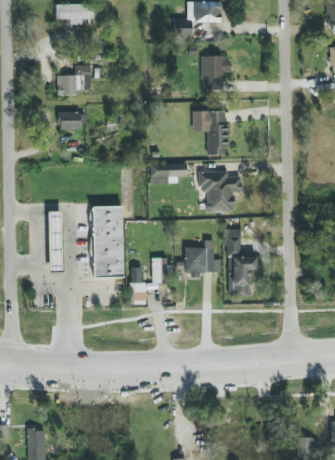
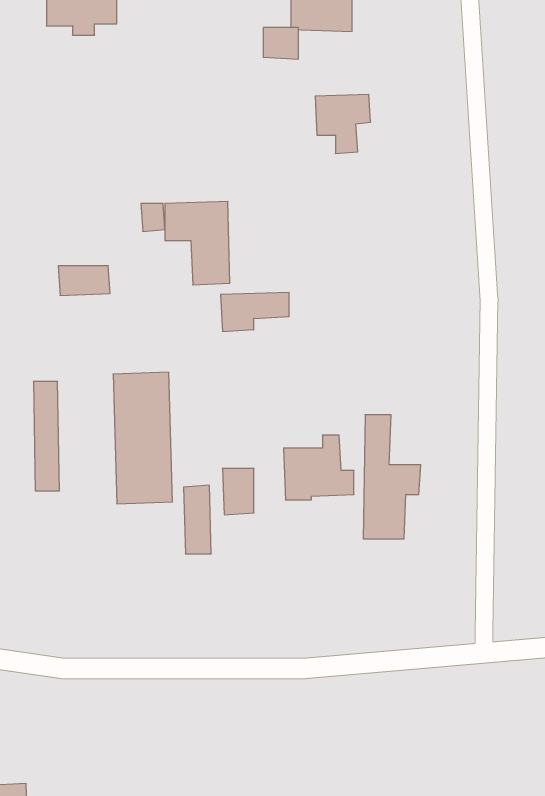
building: [57,65,91,94] -> none
building: [193,110,228,155] -> [165,202,230,285]
building: [59,112,87,128] -> [58,266,110,295]
building: [199,171,242,212] -> none

